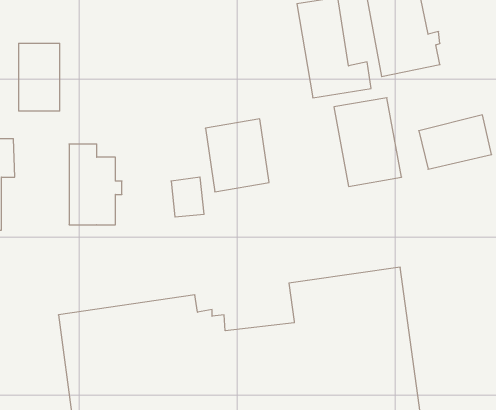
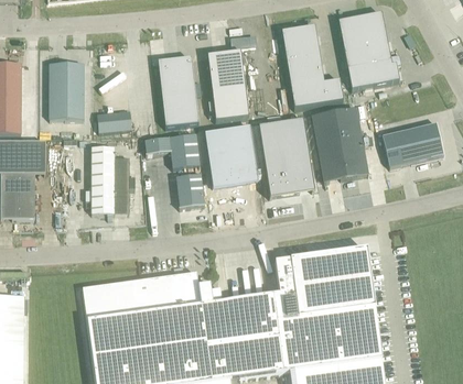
building: none -> [207,50,249,120]
building: none -> [158,56,198,125]
building: none -> [97,109,132,130]
building: none -> [259,117,314,196]
building: none -> [146,133,200,167]

